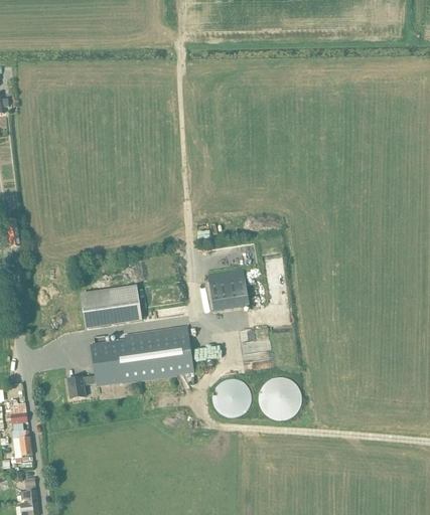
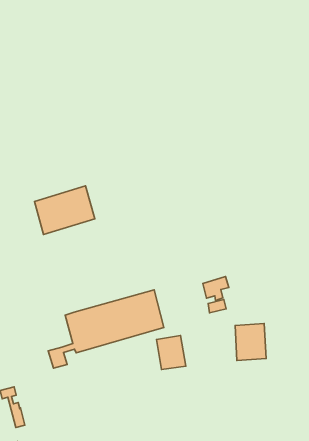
building: [207,277,249,311] -> none
building: [80,283,141,328] -> [34,186,95,234]
building: [219,380,246,413] -> [156,335,186,369]

